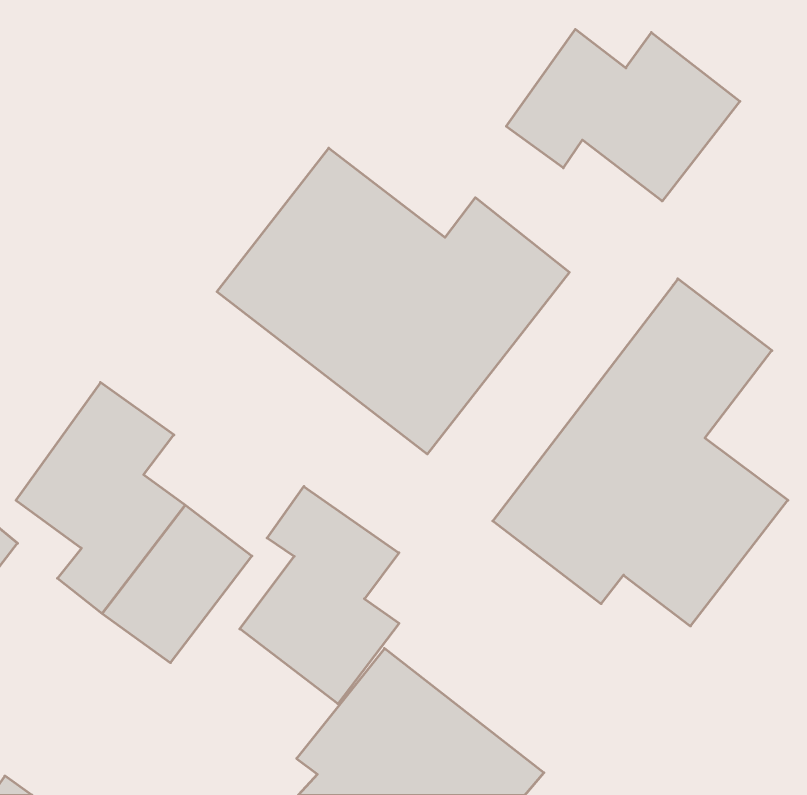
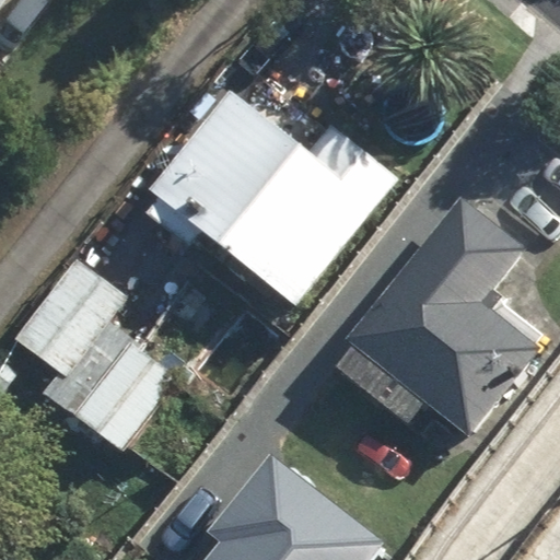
building: [506,29,740,201] -> none
building: [240,486,399,704] -> none

